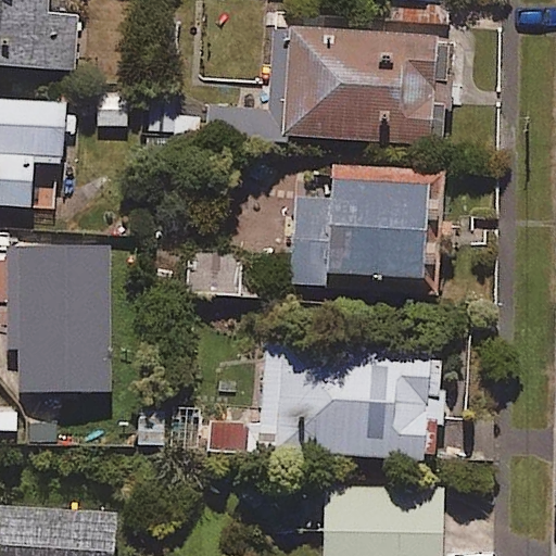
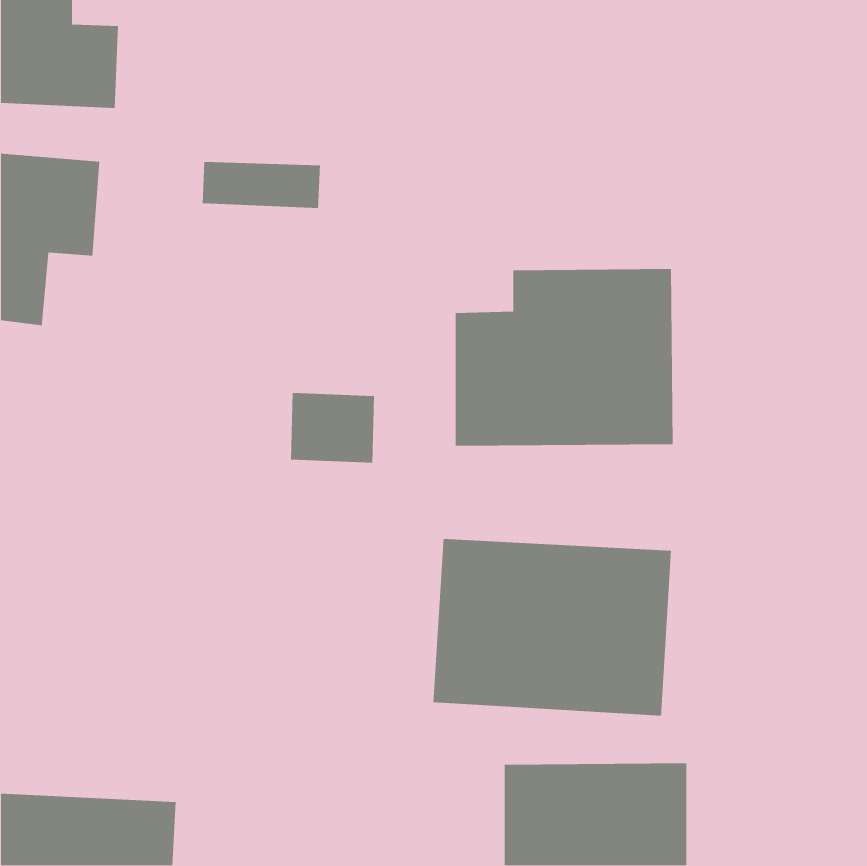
building: [268,24,448,146] -> none
building: [18,244,110,392] -> none

